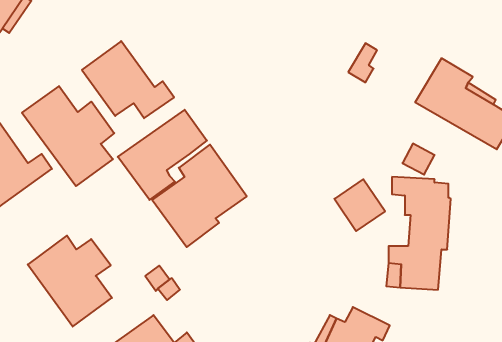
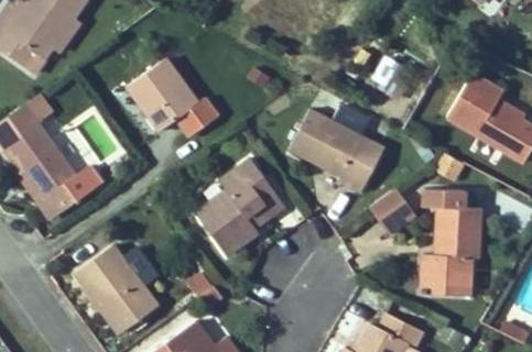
building: [22,86,114,186] -> none
building: none -> [291,109,387,191]
building: [118,110,207,200] -> none

